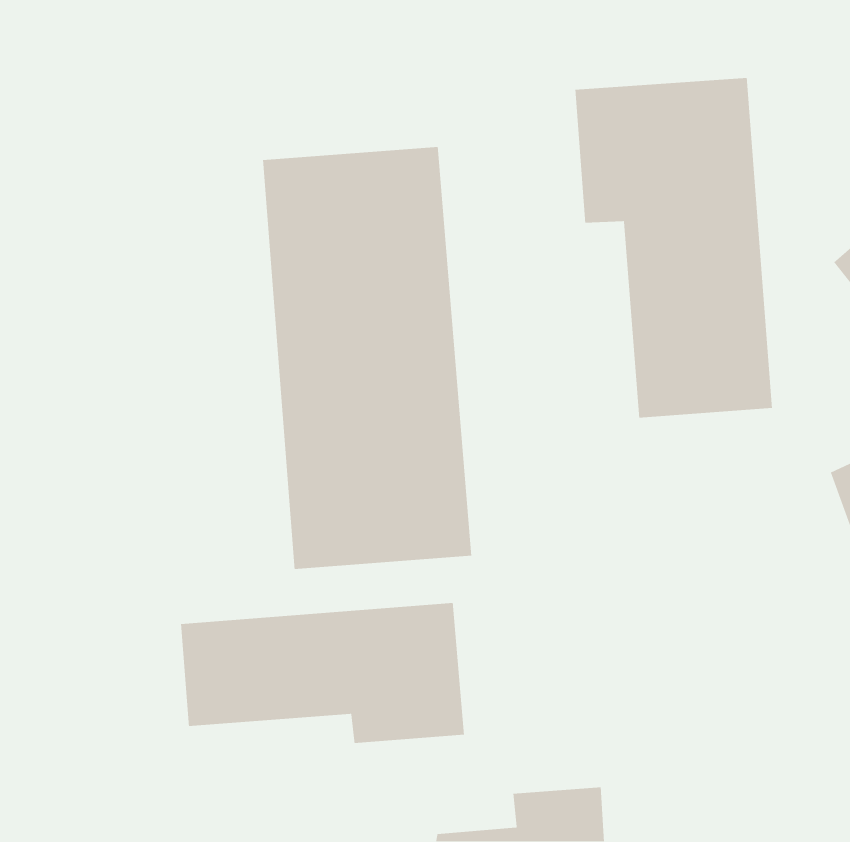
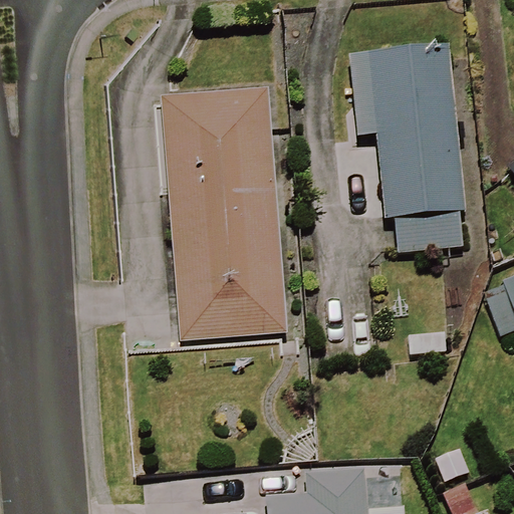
building: [180,602,465,744] -> none

